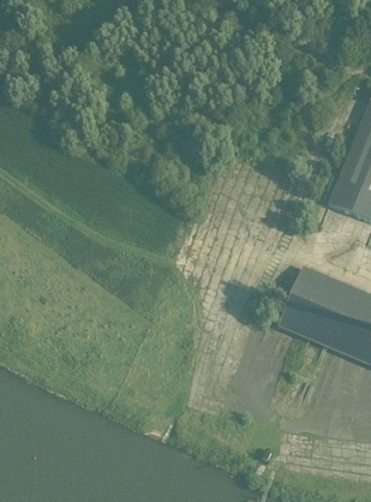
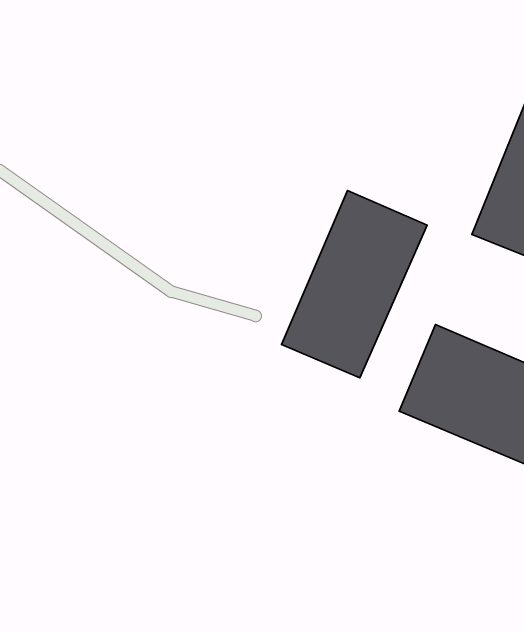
building: none -> [282,191,427,378]

